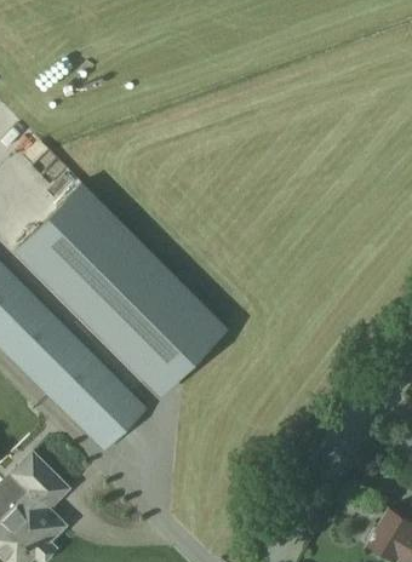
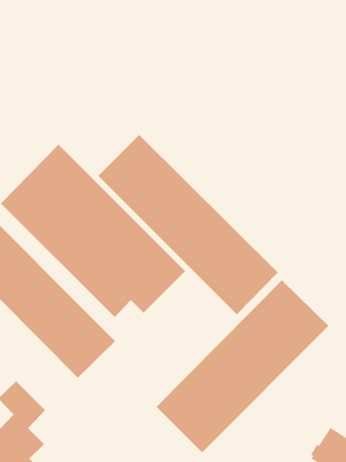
building: none -> [98,134,279,315]
building: none -> [156,279,329,453]

